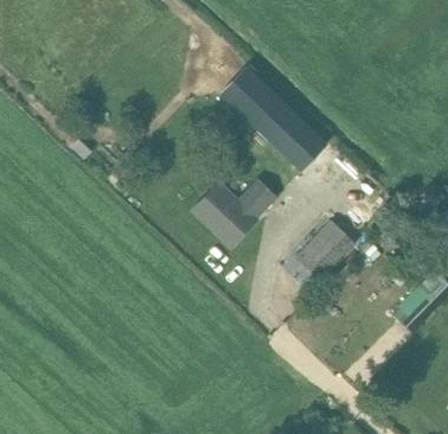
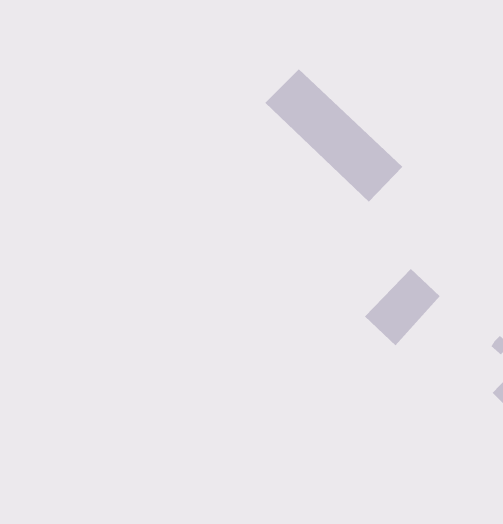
building: [193,180,275,247] -> none

